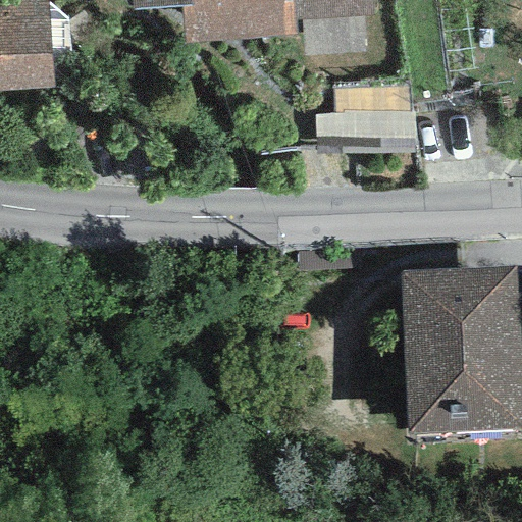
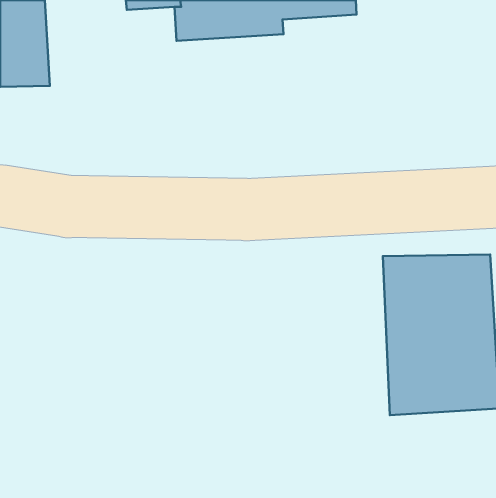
building: [337,81,420,133] -> none

